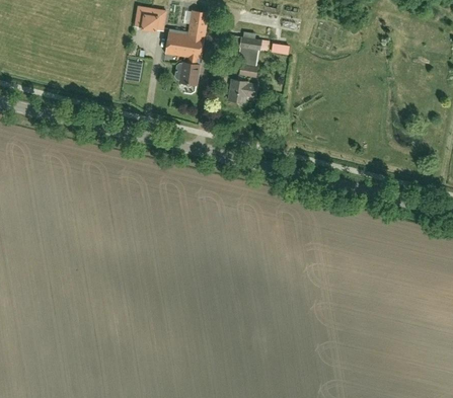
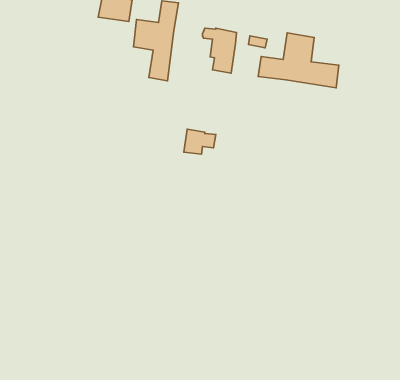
building: none -> [258,33,339,88]
building: [229,79,258,102] -> [184,129,216,154]

